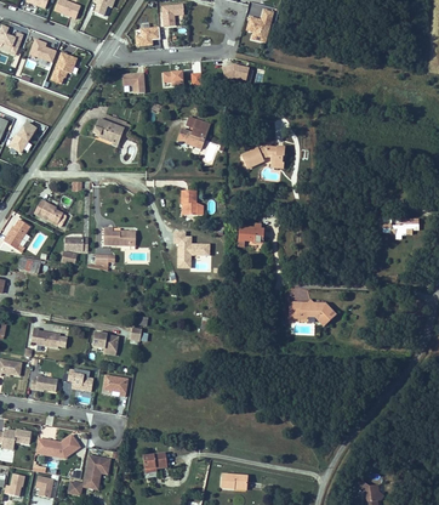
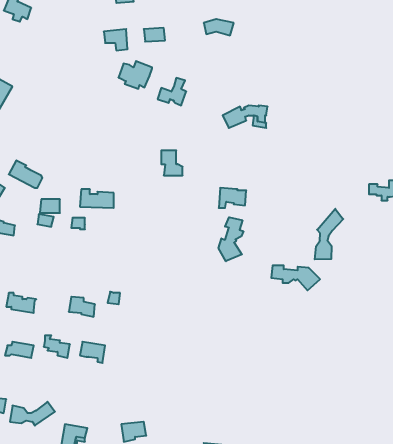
building: [51,51,76,86] -> none
building: [93,115,126,142] -> [118,61,152,89]
building: none -> [315,209,343,259]
building: none -> [219,217,243,261]

